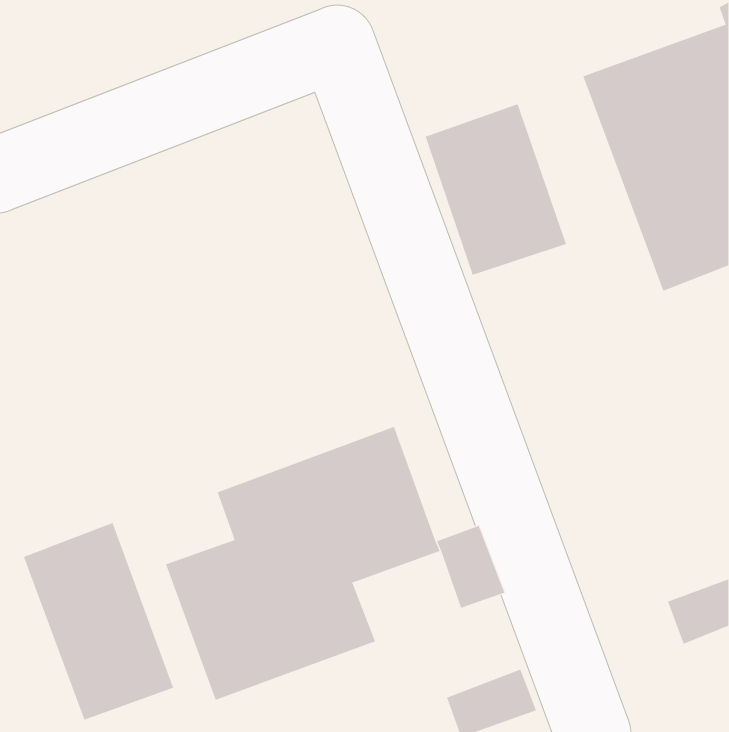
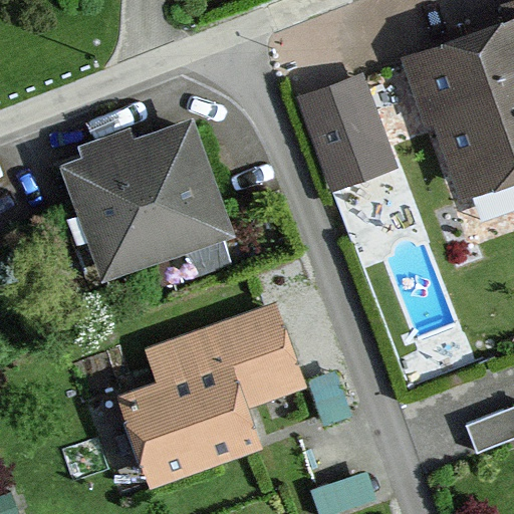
building: none -> [60,121,230,284]
building: [23,522,174,720] -> none

